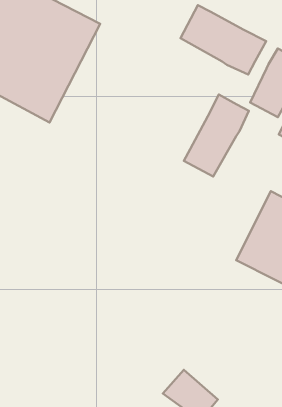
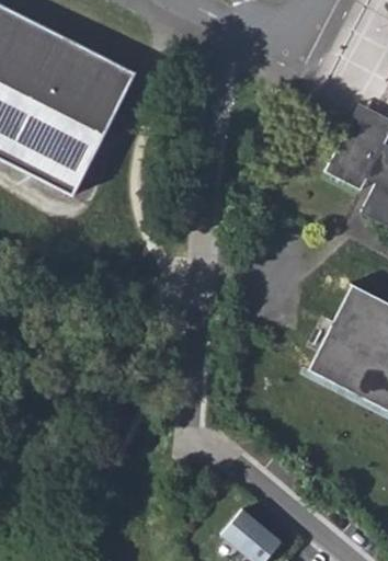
building: [181,5,266,75] -> none
building: [184,94,249,177] -> none

